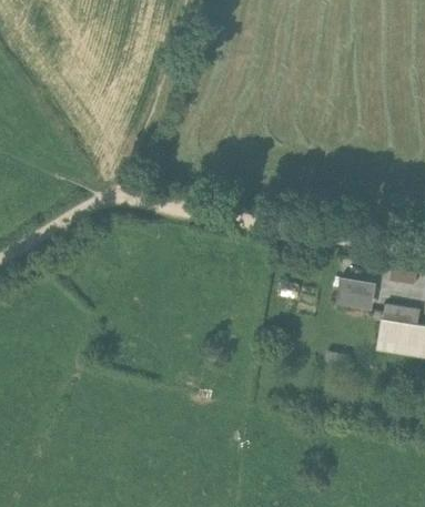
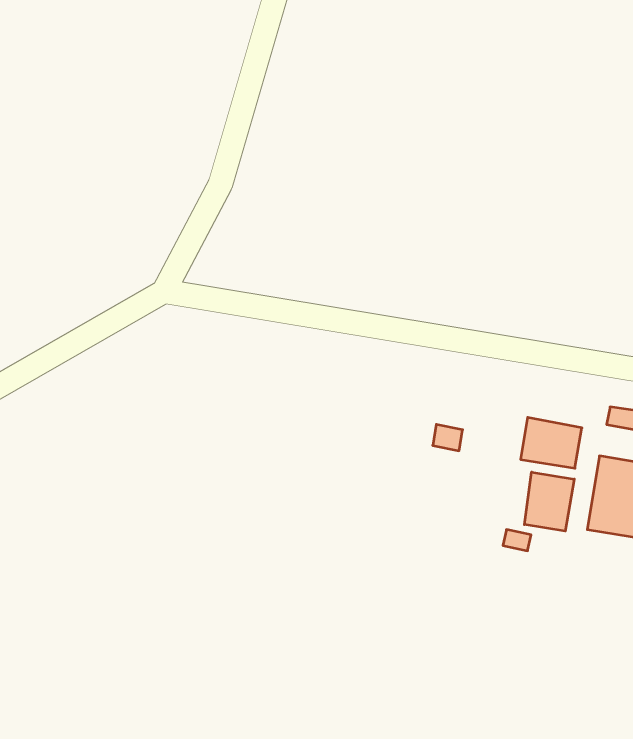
building: none -> [524,472,574,531]

